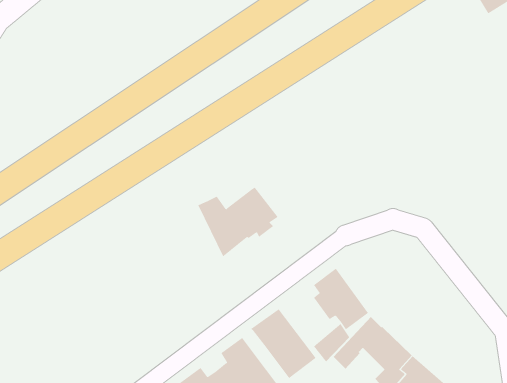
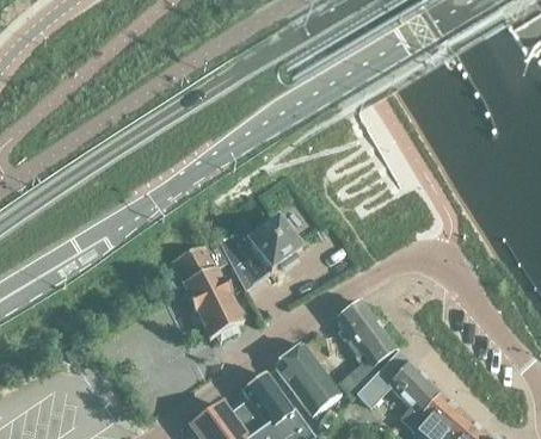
building: none -> [159,243,244,341]

